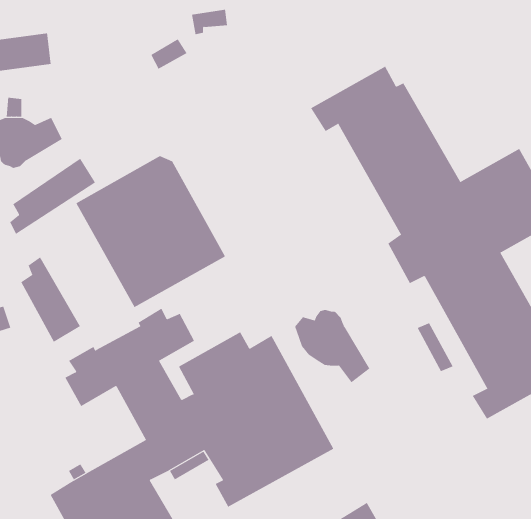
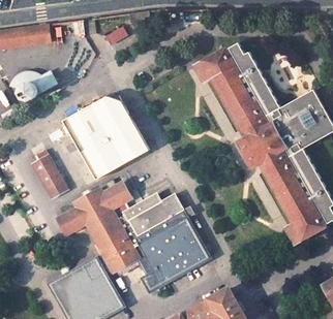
building: [9,158,96,235] -> none
building: [294,309,370,383] -> none

